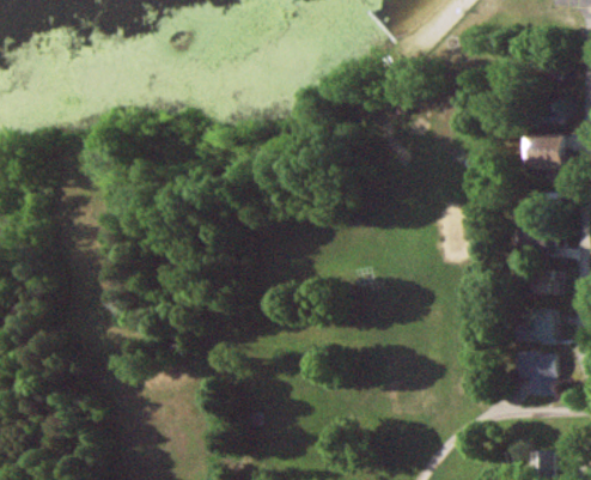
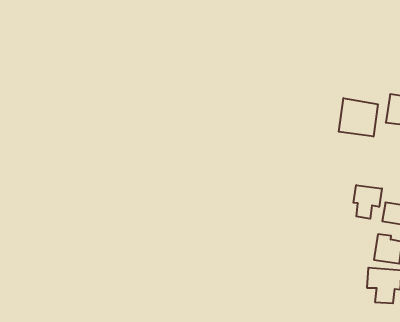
building: none -> [339,98,378,137]
building: none -> [353,185,382,219]

